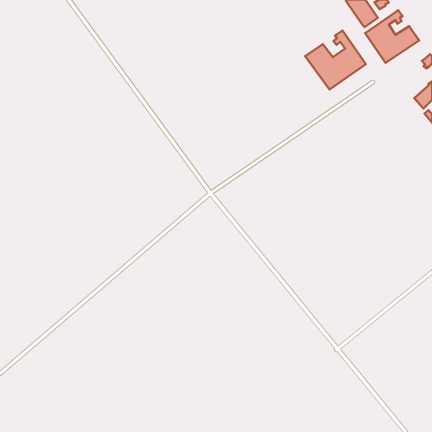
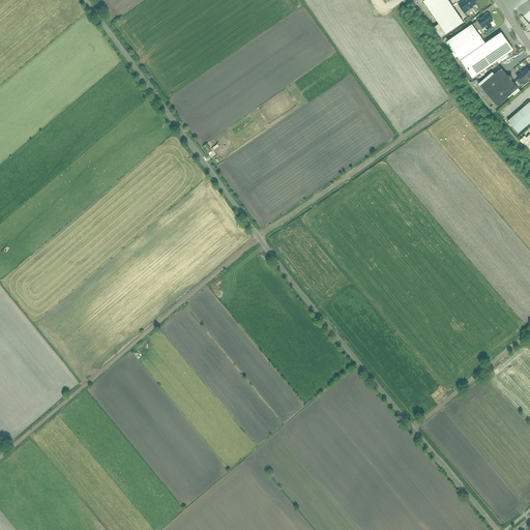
building: [305,31,366,89] -> none
building: none -> [480,68,518,106]

